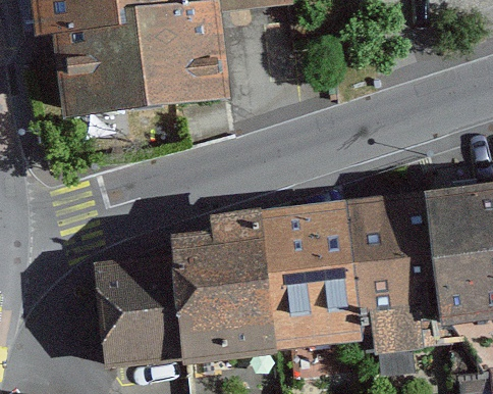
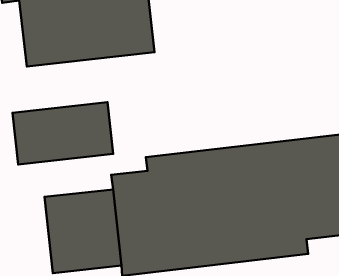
building: none -> [13,102,113,164]

